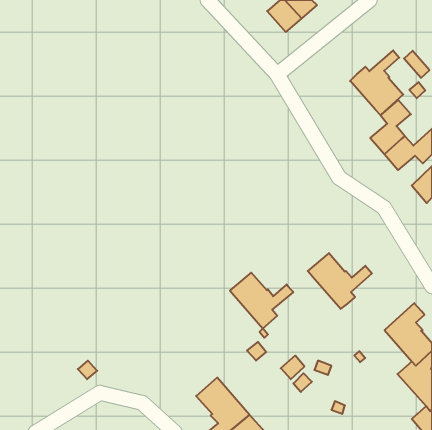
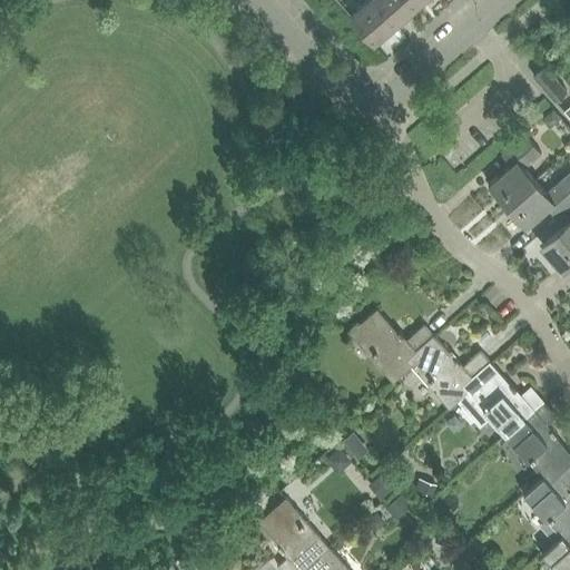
building: [350,50,403,115] -> none
building: [230,273,293,328] -> [350,311,433,384]
building: none -> [458,363,546,438]

